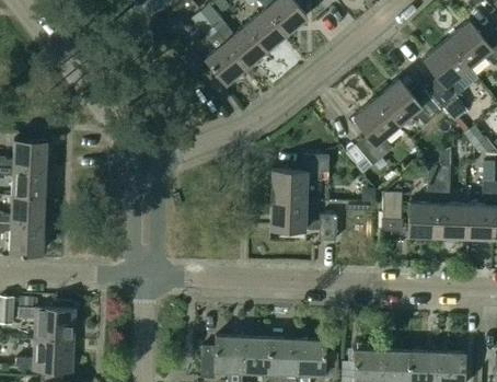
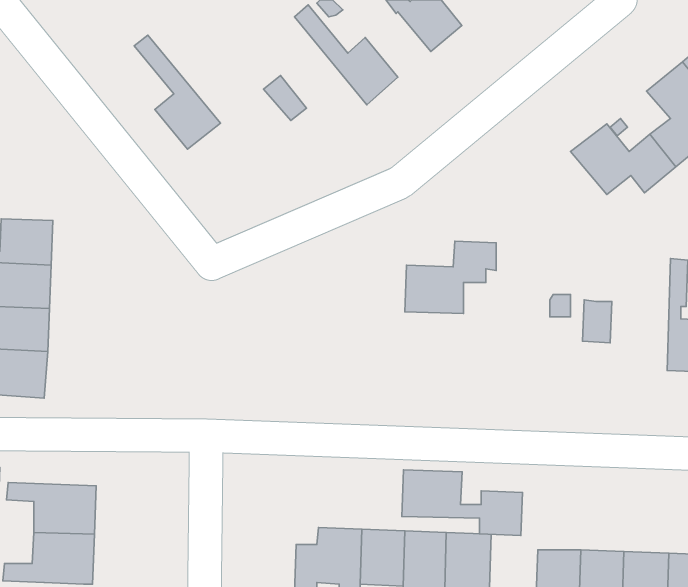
building: [245,9,287,50] -> none
building: [192,12,246,84] -> [134,35,220,149]
building: [354,97,398,165] -> none
building: [408,165,439,236] -> none
building: [269,199,346,241] -> [402,470,523,536]

